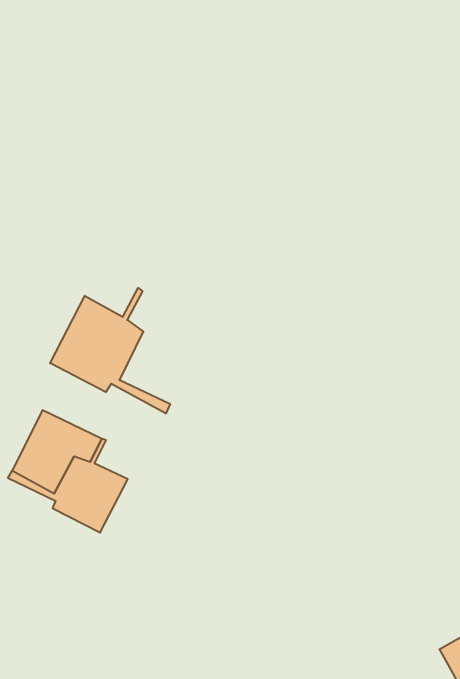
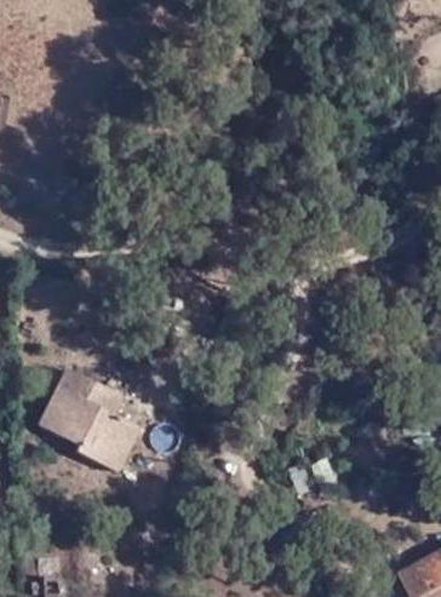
building: [50,288,170,414] -> none

